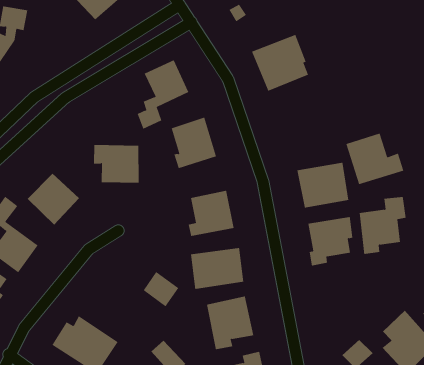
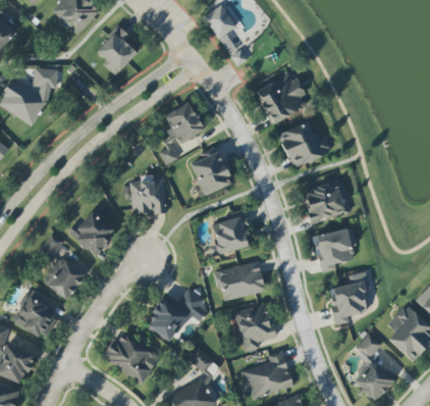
building: [345,133,404,185] -> [278,120,331,167]
building: [359,197,406,254] -> [328,271,370,324]
building: none -> [146,299,189,342]

